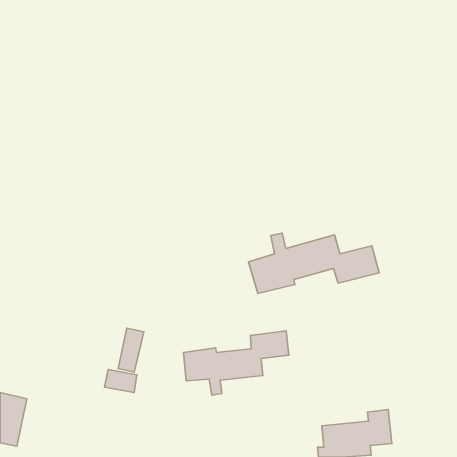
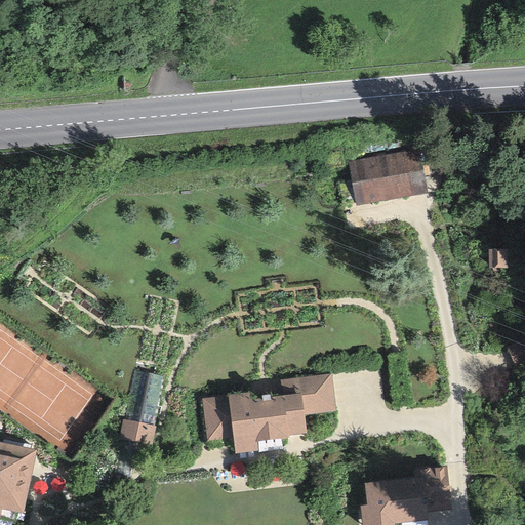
building: none -> [347,149,423,201]
building: [249,233,379,293] -> none

